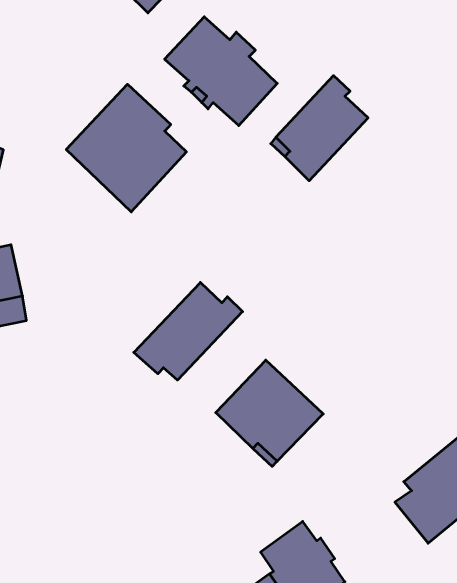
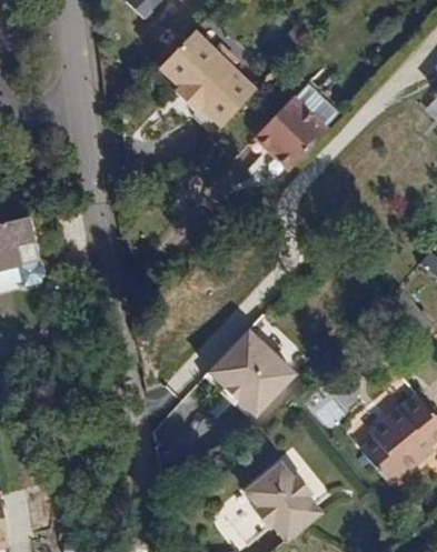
building: [66,84,186,212] -> none
building: [134,282,243,380] -> none

